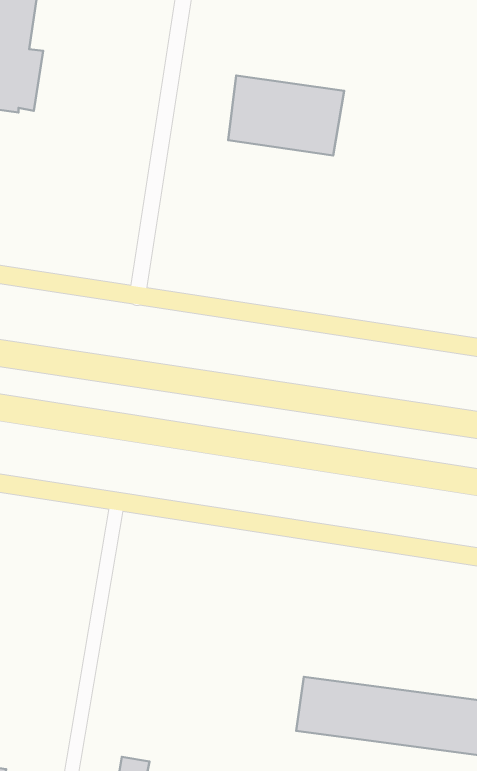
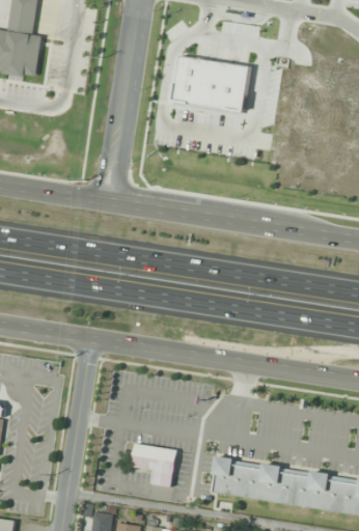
building: none -> [132,444,178,488]

